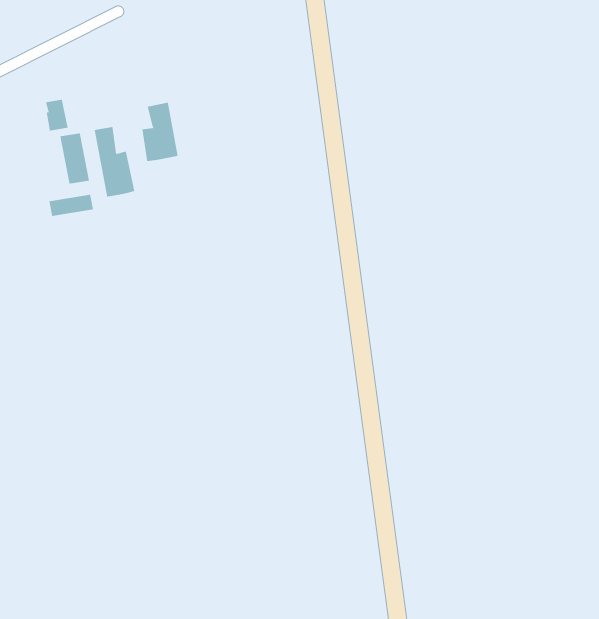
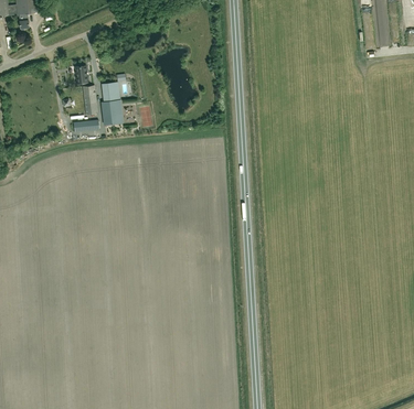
building: [142,102,178,162] -> none

